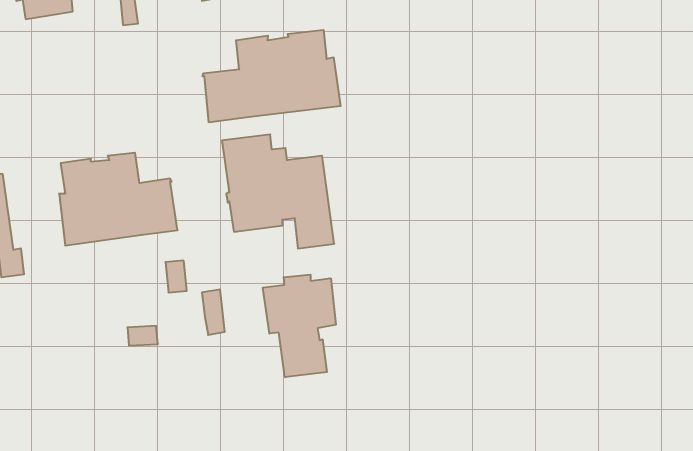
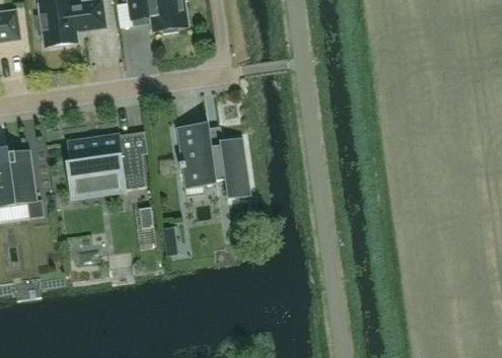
building: [203,30,341,122] -> none
building: [263,275,336,377] -> none

